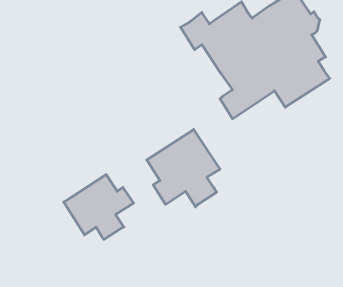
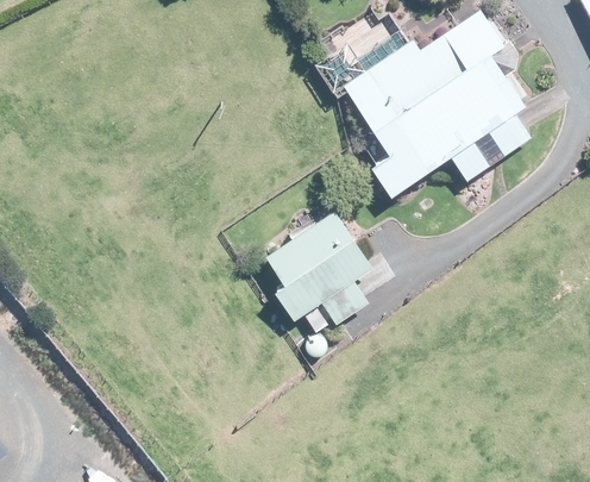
building: [64,175,134,239] -> none

